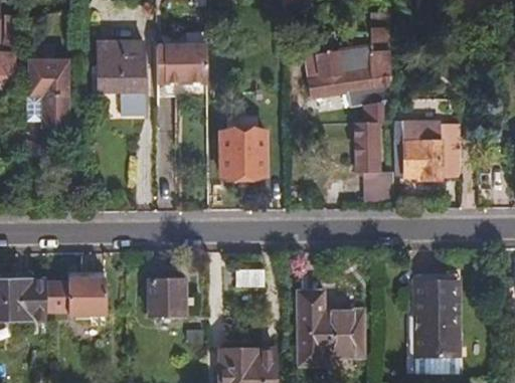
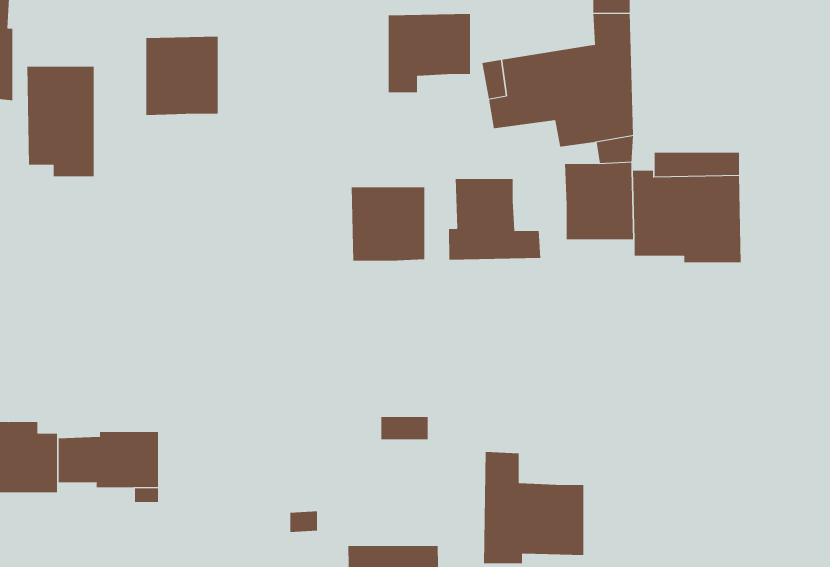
building: [155,45,205,93] -> [388,13,471,93]
building: none -> [449,178,541,260]
building: [362,172,393,202] -> none
building: [416,275,463,358] -> none
building: [148,278,183,316] -> none

